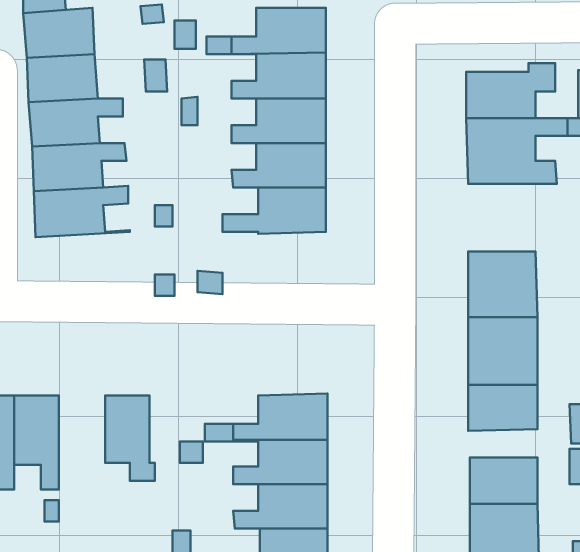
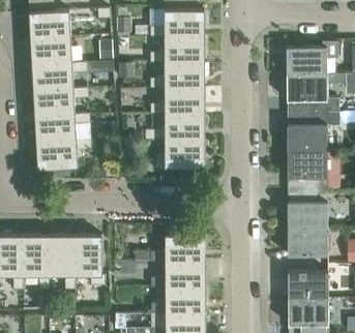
building: none -> [287,113,338,152]
building: none -> [35,141,91,170]
building: none -> [155,141,204,171]
building: none -> [49,236,76,291]

